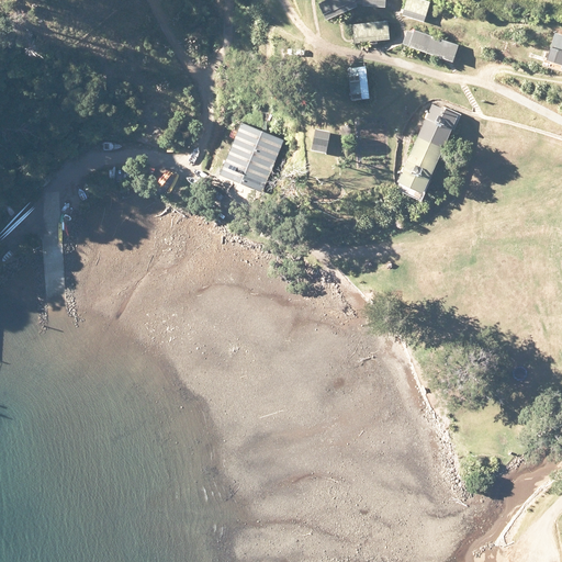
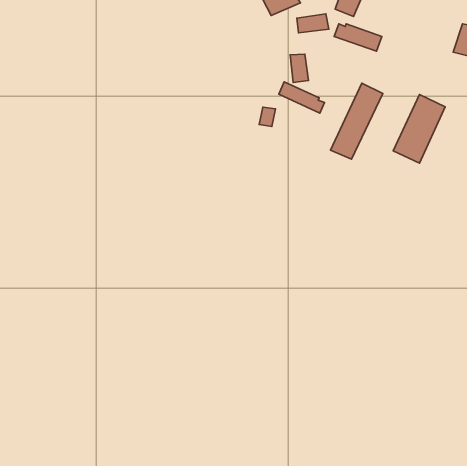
building: none -> [279,82,325,113]
building: none -> [393,94,445,163]
building: [218,123,284,192] -> none

